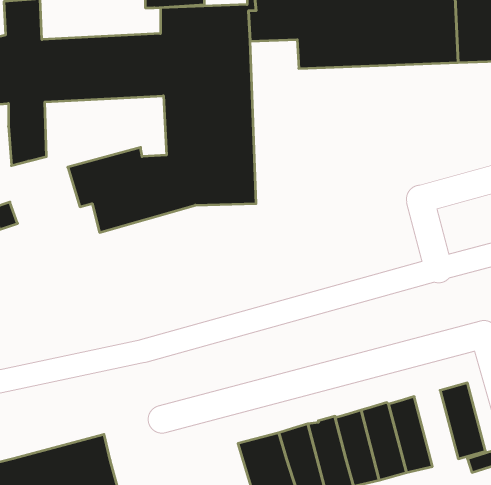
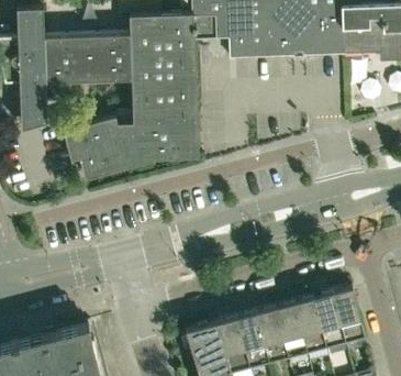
building: none -> [313,290,345,346]

